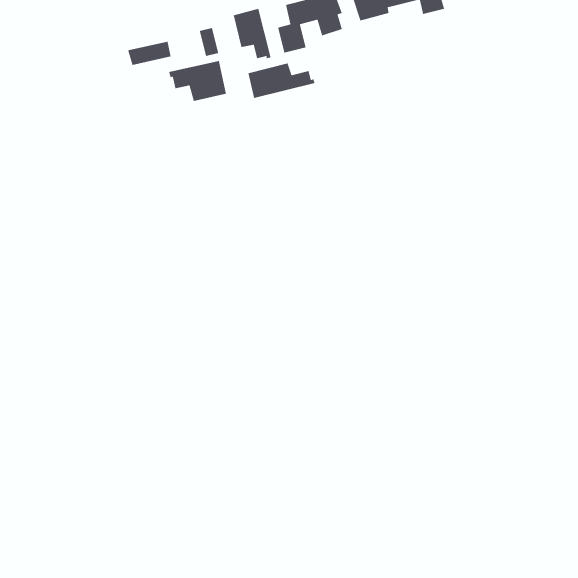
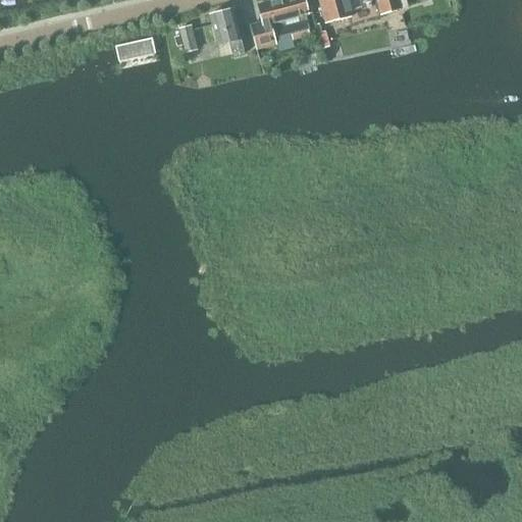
building: [168,60,227,102] -> none
building: [248,62,316,99] -> none

